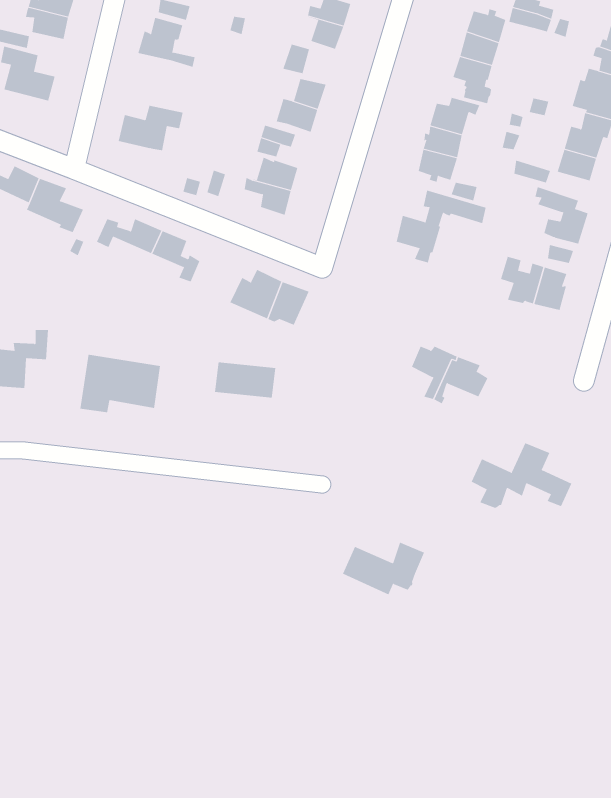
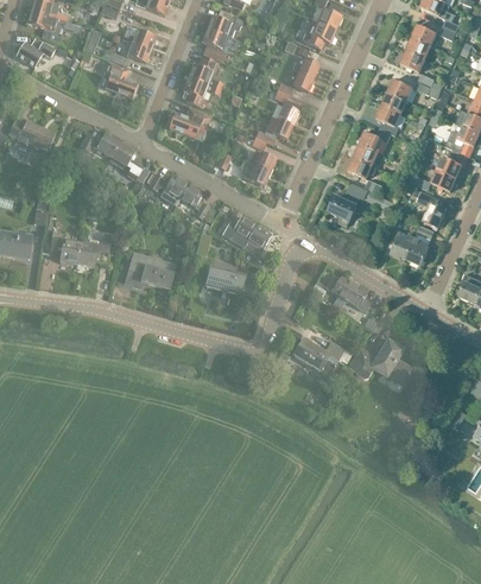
building: none -> [183,77,220,108]
building: [342,542,425,595] -> [293,339,344,372]

